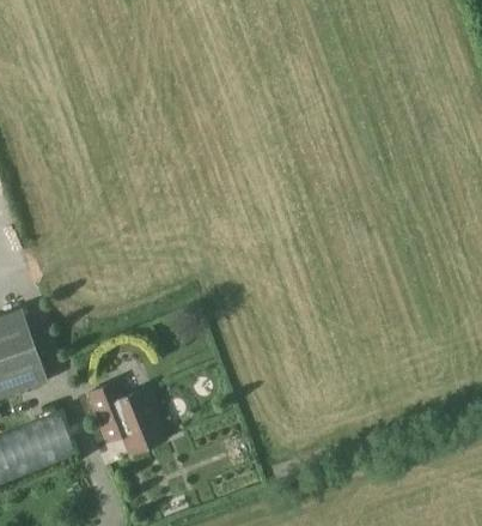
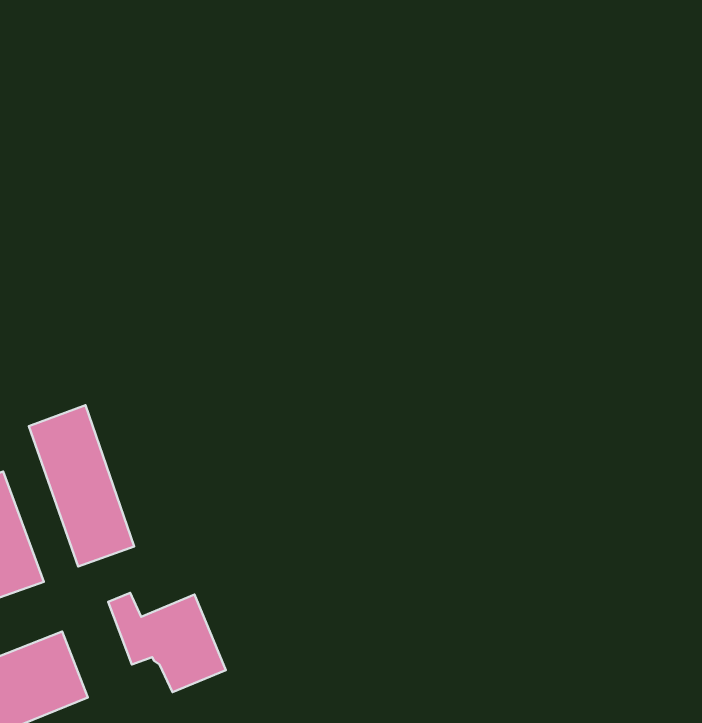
building: none -> [29,405,134,566]

